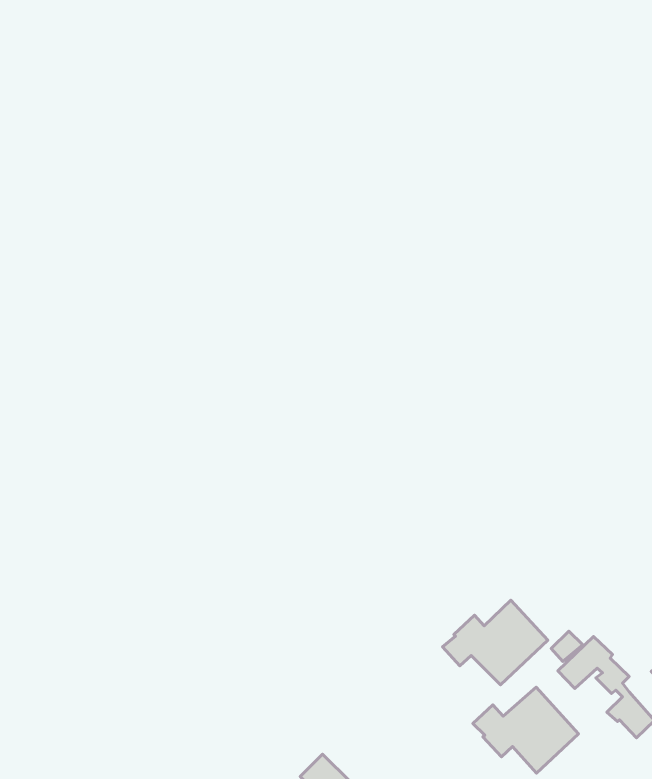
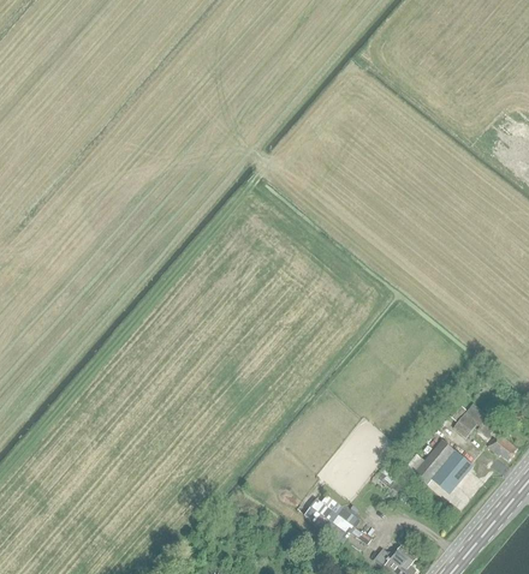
building: [442,600,548,685] -> none

